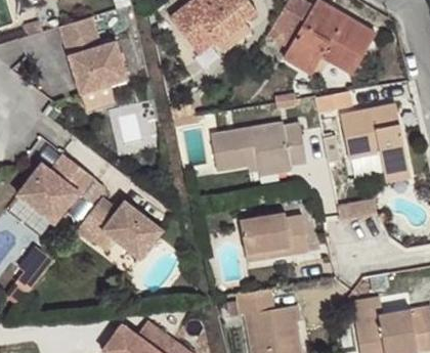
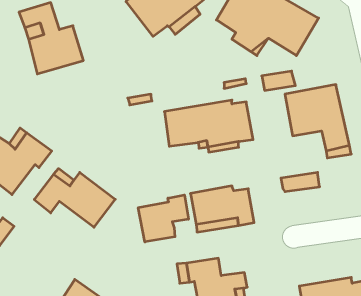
building: none -> [138,195,188,242]

